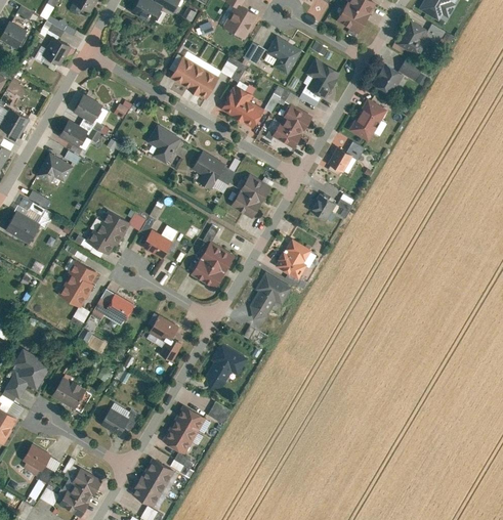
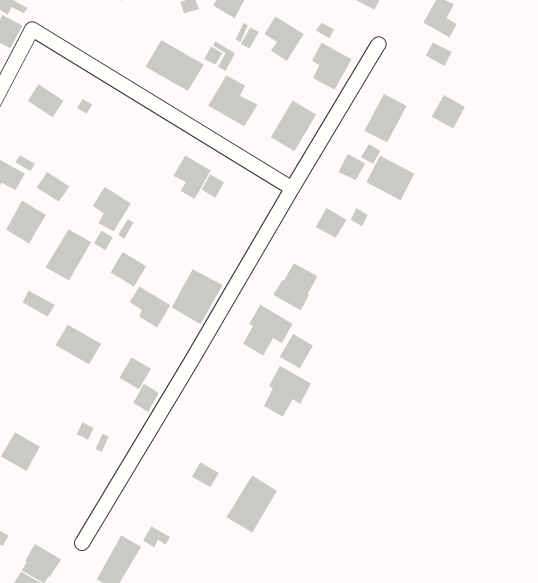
building: [373,64,402,93] -> [431,94,466,129]
building: [60,120,89,145] -> [35,171,71,203]
building: [148,125,180,163] -> [92,186,132,232]
building: none -> [366,155,415,201]
building: [233,174,271,217] -> none
building: none -> [5,199,47,244]
building: none -> [129,286,171,328]
building: [59,273,93,307] -> none
building: none -> [279,333,314,369]
building: [206,343,246,386] -> [263,365,312,417]
building: [163,405,206,453] -> [225,475,278,533]
building: [100,406,130,435] -> none

